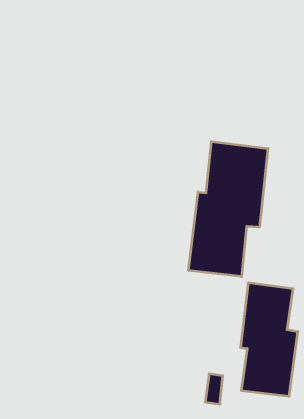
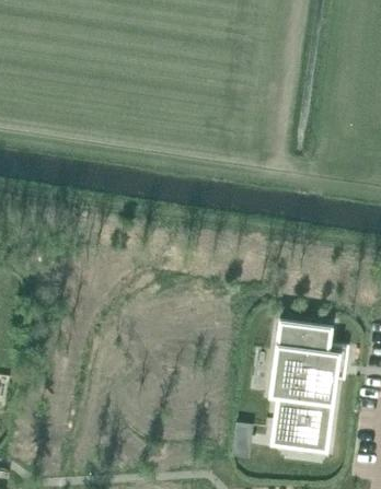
building: [189,142,268,277] -> none

